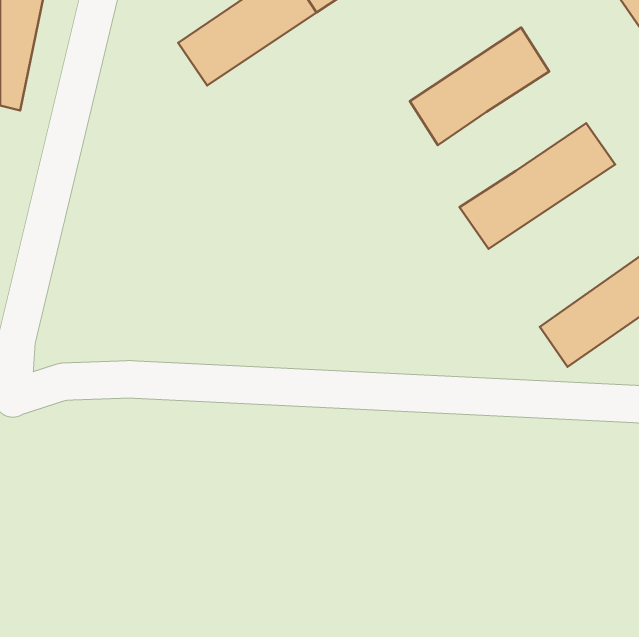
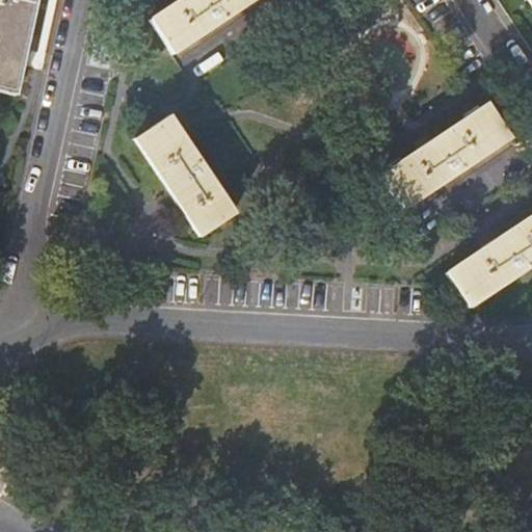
building: [410,27,549,145] -> none
building: none -> [136,113,236,233]

